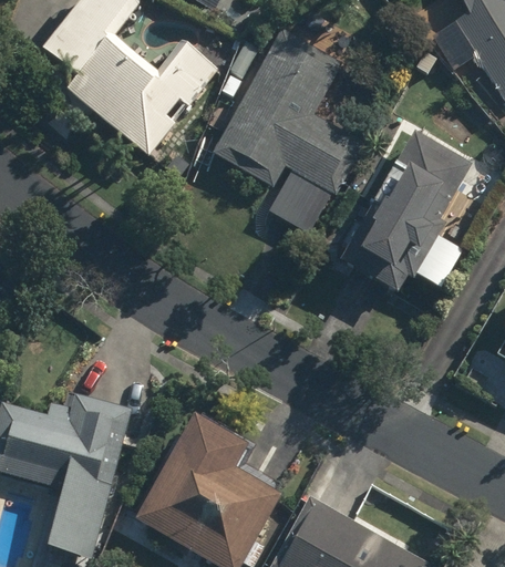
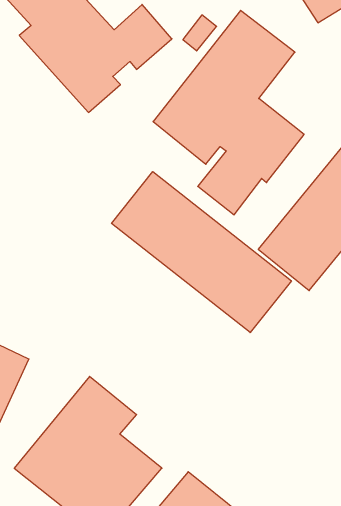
building: none -> [112,172,291,333]

